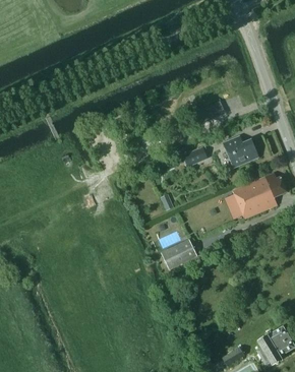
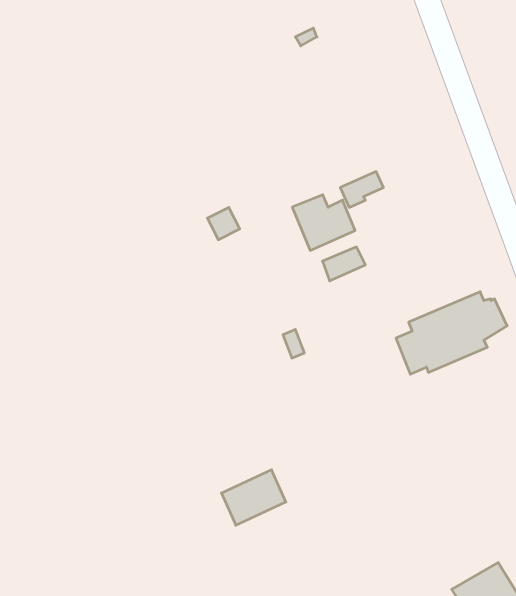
building: [223,135,258,167] -> [292,195,355,250]
building: [161,238,197,269] -> [221,470,286,525]

